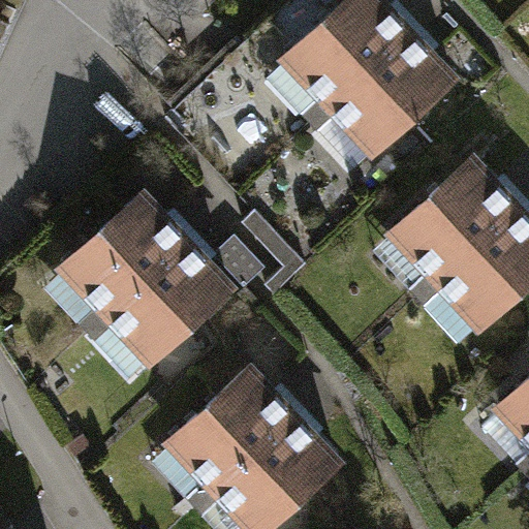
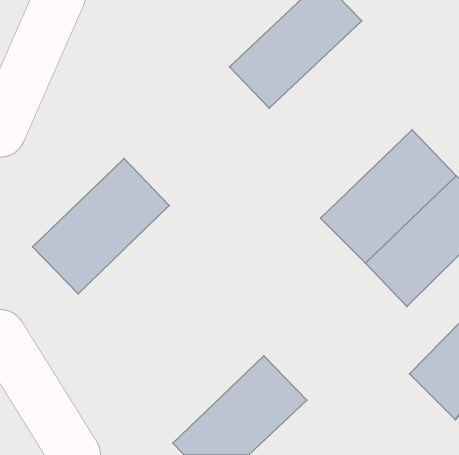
building: [310,24,464,174] -> none
building: [91,236,248,391] -> none
building: [151,359,304,508] -> none

